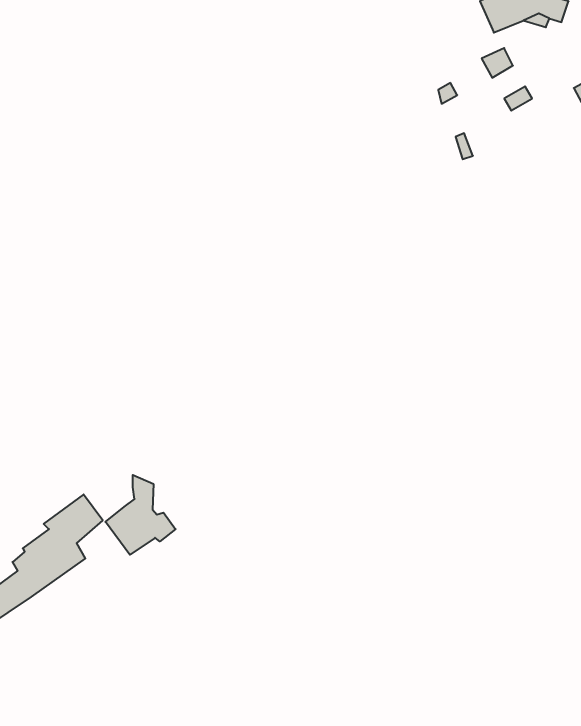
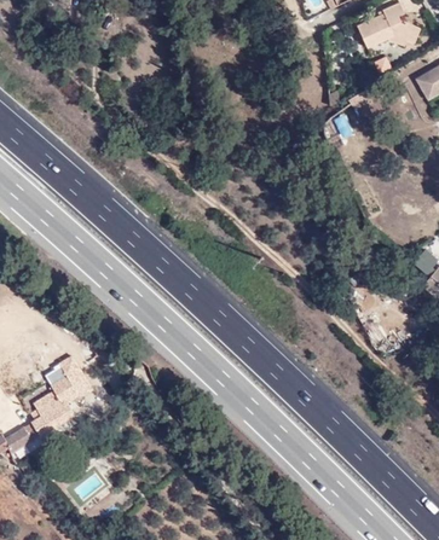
building: [105,475,176,555] -> none

